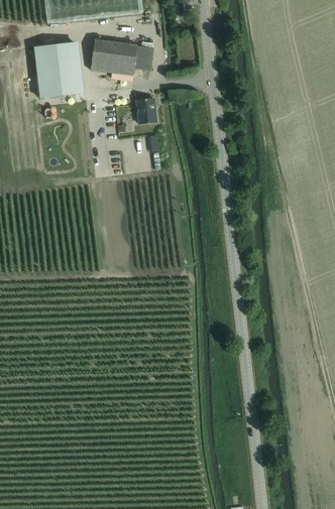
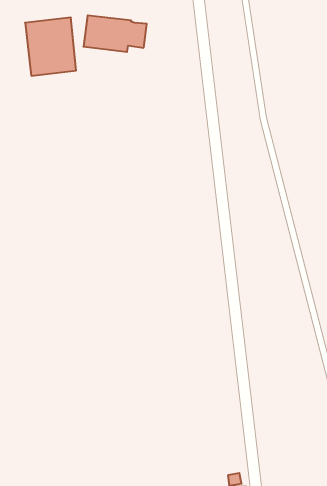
building: [136,98,156,123] -> none

